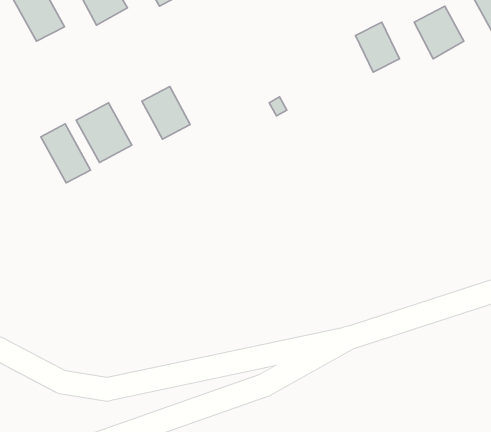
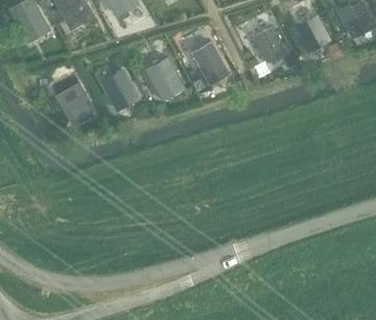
building: none -> [192,41,228,84]
building: none -> [145,57,184,99]
building: [41,124,91,183] -> none

